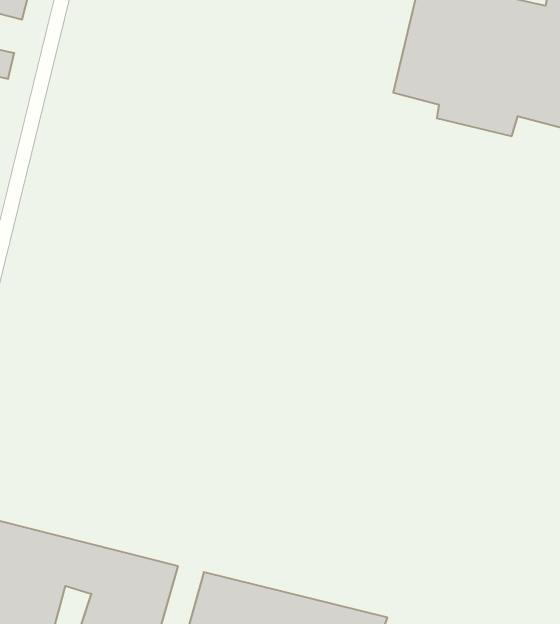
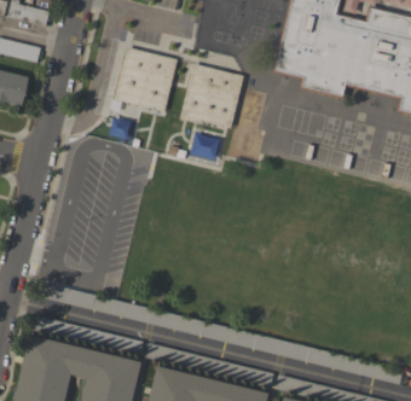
building: none -> [114,46,178,111]
building: none -> [180,63,244,127]

